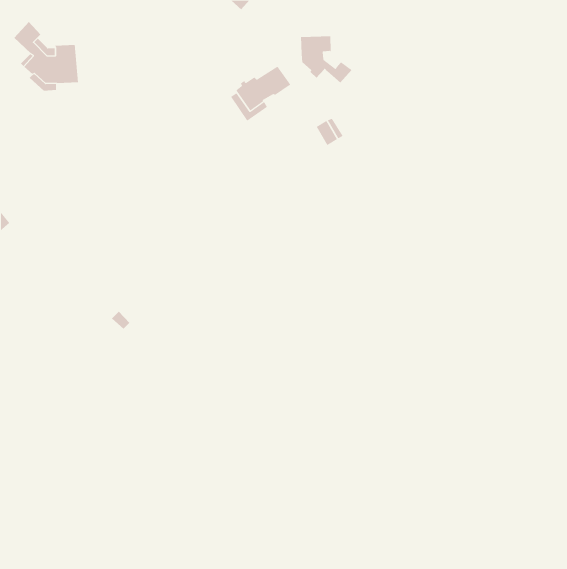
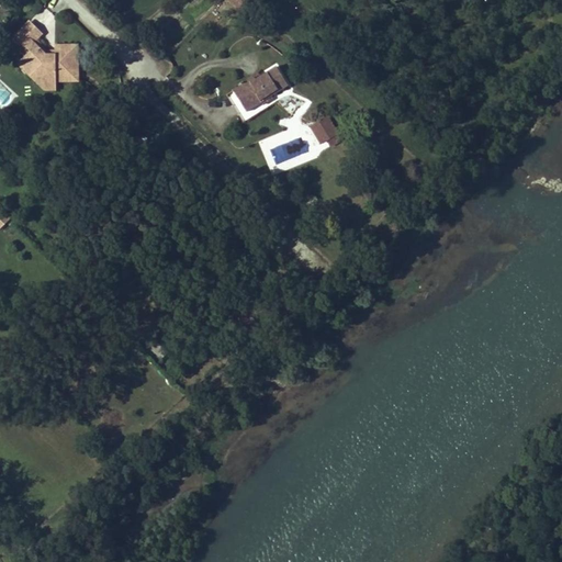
building: [300,35,353,83] -> none

